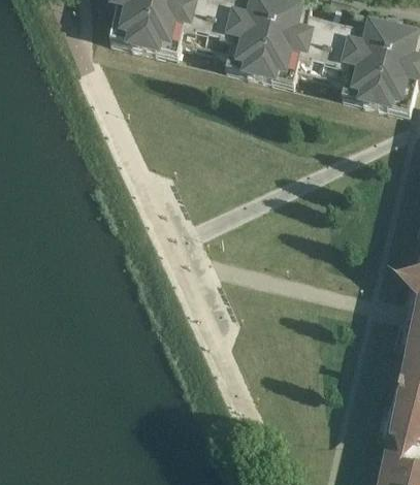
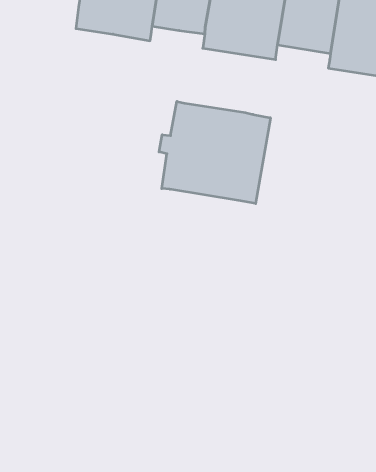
building: none -> [159,101,270,204]

